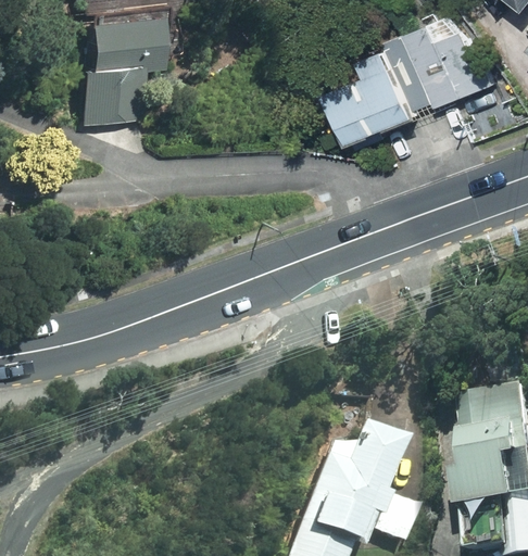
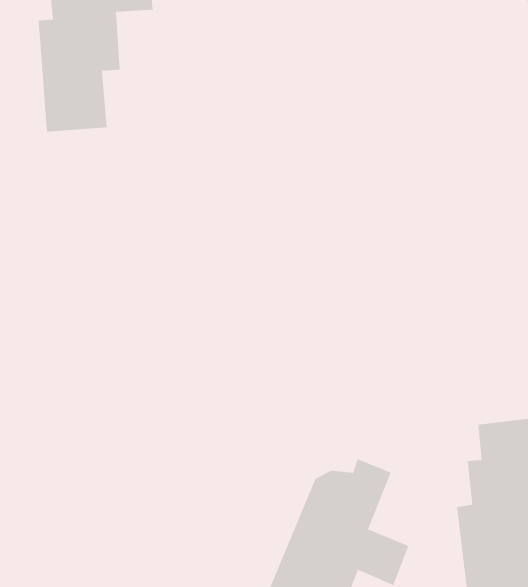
building: [413,11,499,111] -> none
building: [331,46,423,144] -> none

